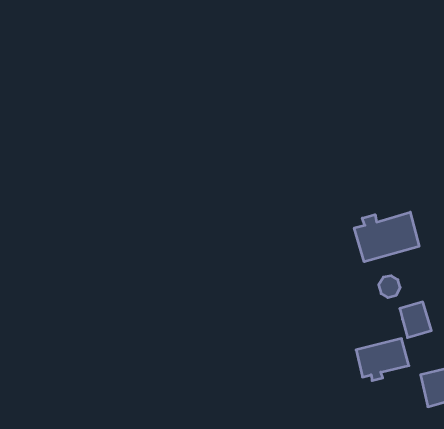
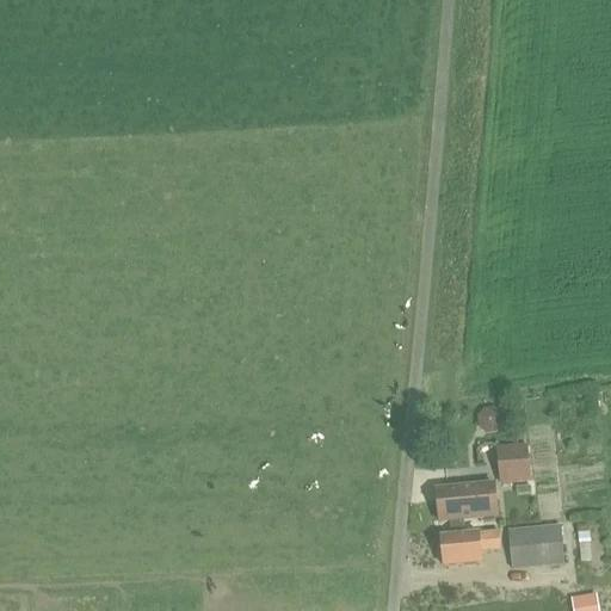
building: [354,212,419,262] -> none
building: none -> [442,524,500,563]

